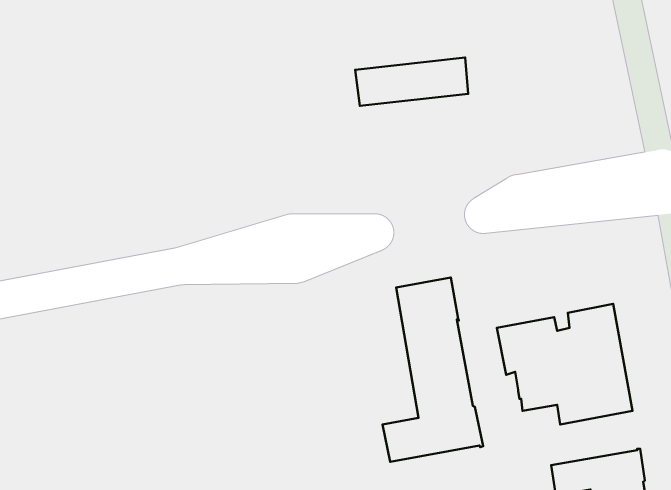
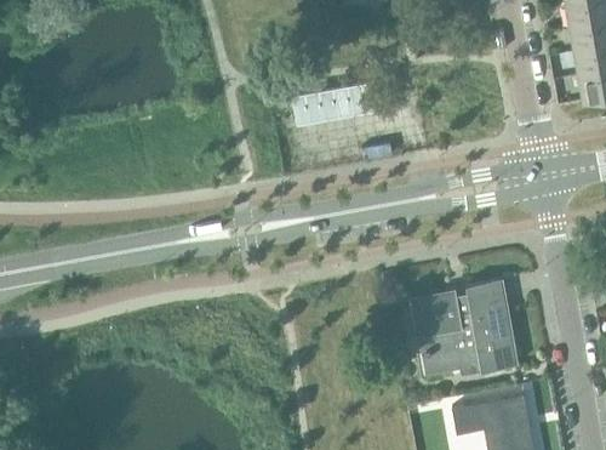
building: [383,277,483,462] -> none

